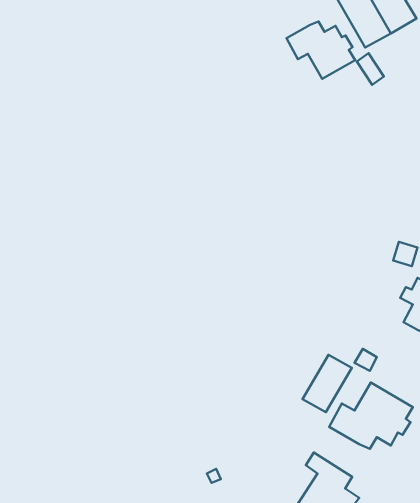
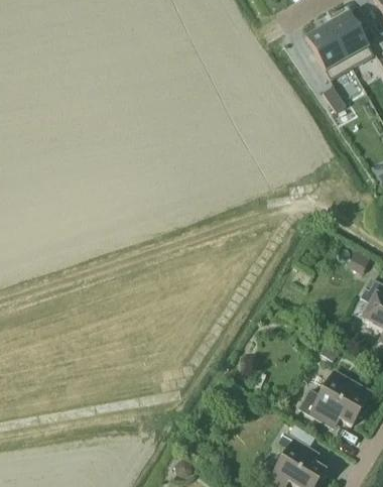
building: [287,21,355,79] -> none
building: [302,355,352,412] -> none

